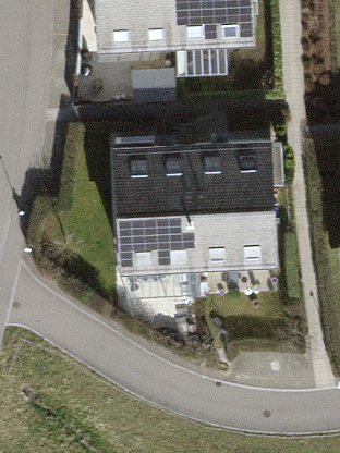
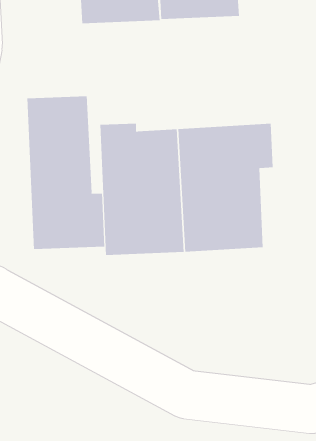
building: none -> [27,95,105,250]

